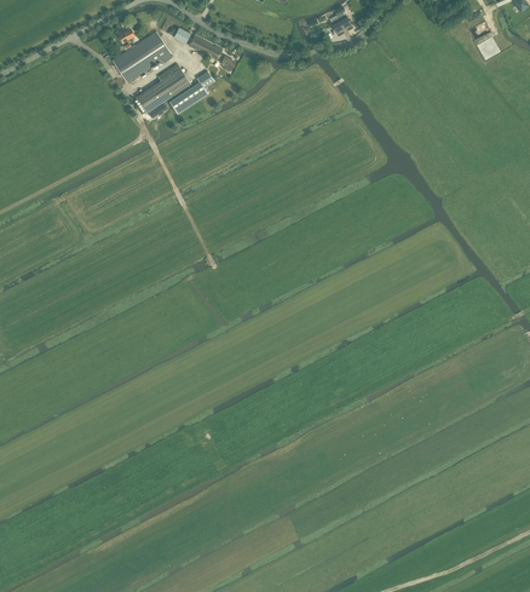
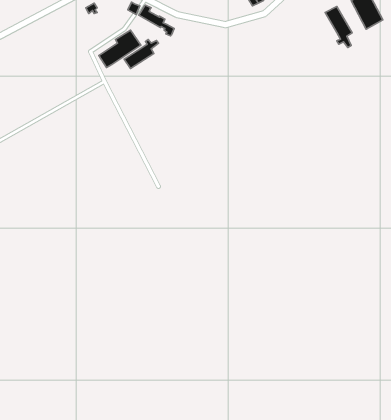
building: [113,31,172,84] -> none
building: none -> [325,6,352,47]

